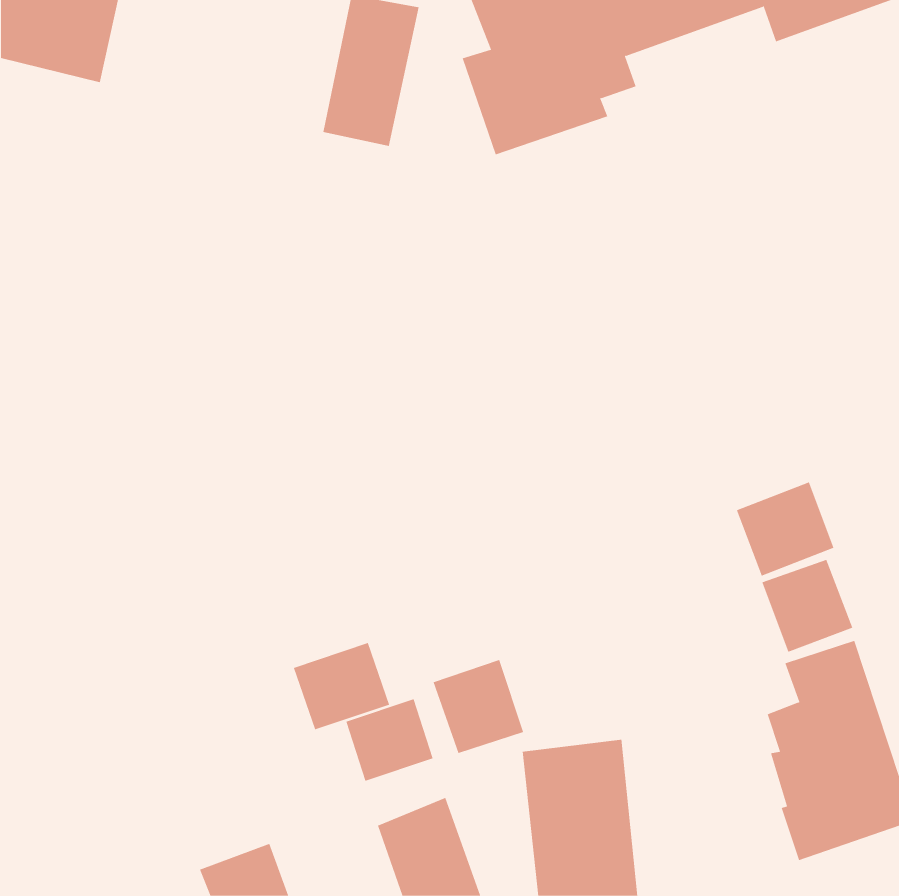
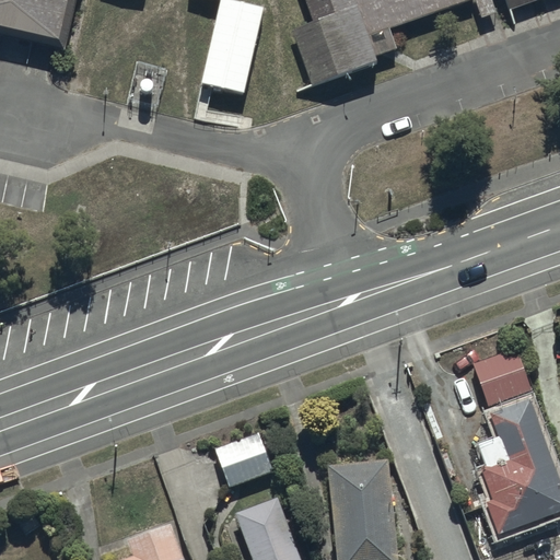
building: [736,482,834,576] -> none
building: [293,642,390,730] -> none
building: [433,659,524,754] -> none

